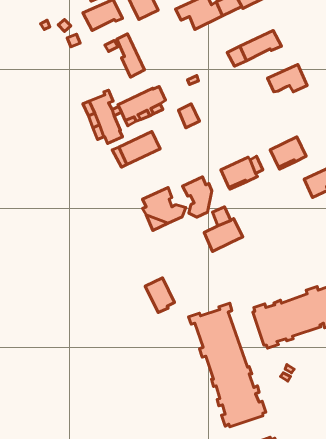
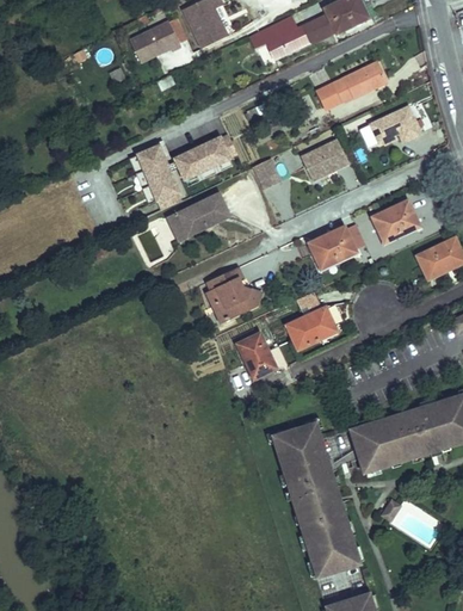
building: [117,34,145,77] -> none
building: none -> [301,140,348,181]
building: [182,177,212,217] -> none
building: [145,278,175,313] -> [236,333,274,378]

